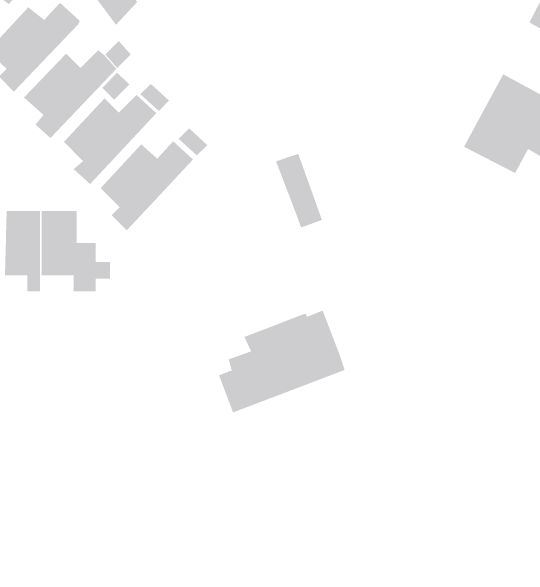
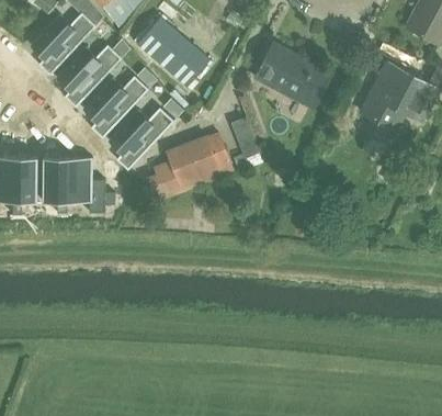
building: none -> [136,16,209,86]
building: none -> [253,41,331,109]
building: [218,310,346,413] -> [146,131,234,202]

